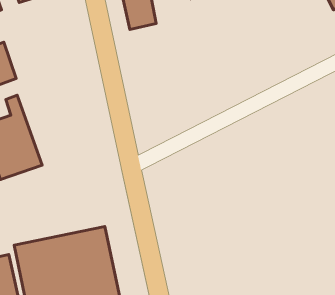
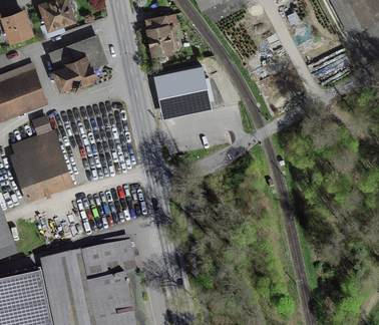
building: none -> [48,38,104,90]
building: none -> [154,66,209,111]

